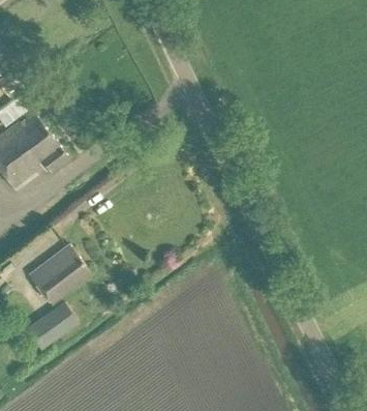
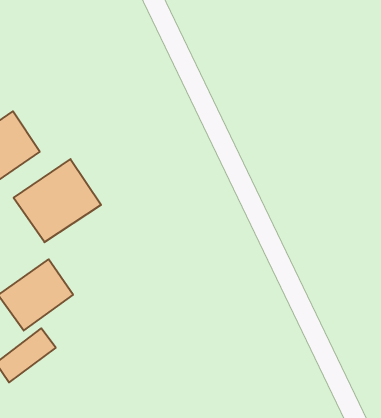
building: none -> [14,159,101,242]

